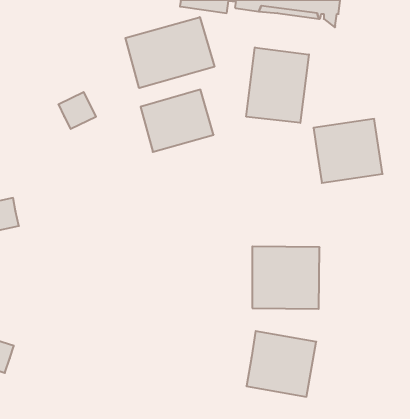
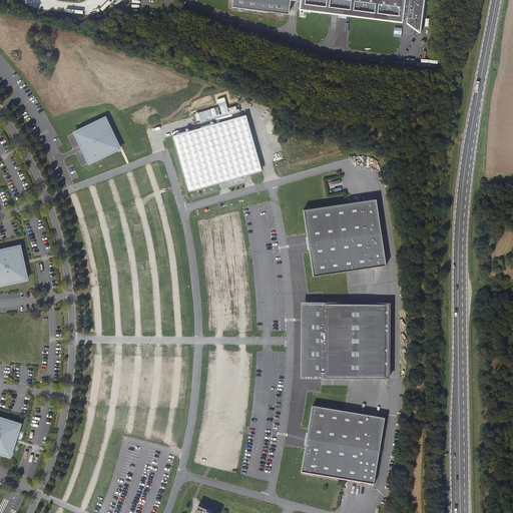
building: [125,17,214,88] -> none
building: [246,47,309,123] -> none
building: [313,119,383,183] -> [303,195,387,274]

